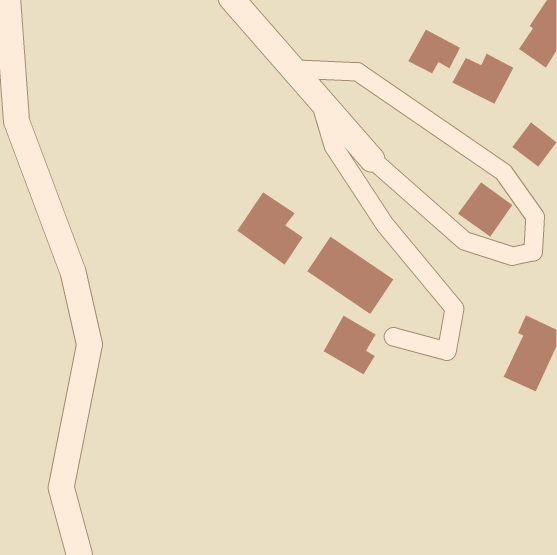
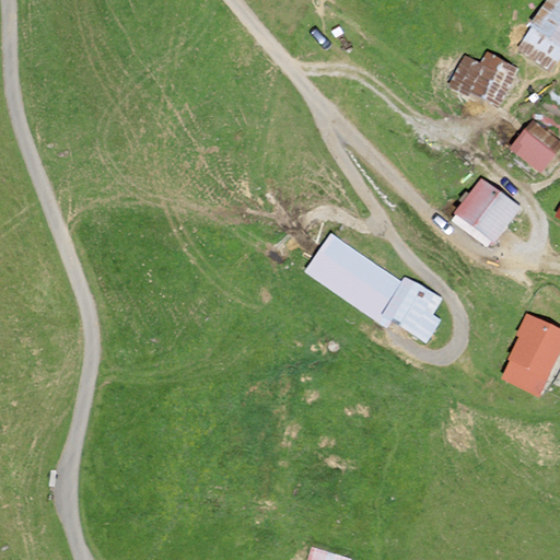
building: [407,29,461,75] -> none
building: [236,191,304,266] -> none
building: [322,314,377,376] -> [385,279,440,340]

